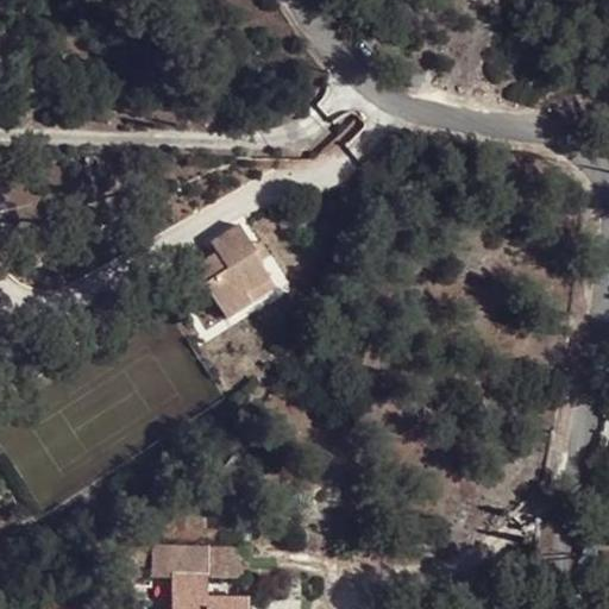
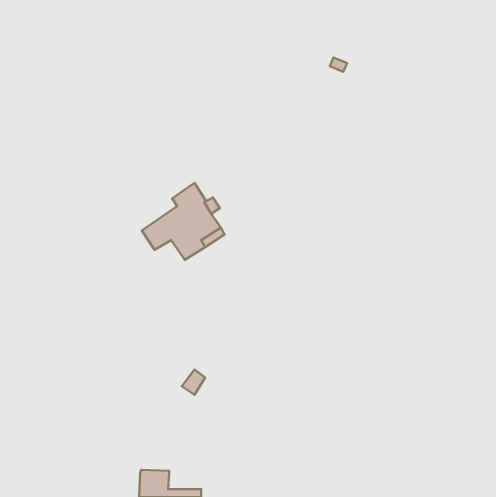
building: [152,545,247,578] -> none

